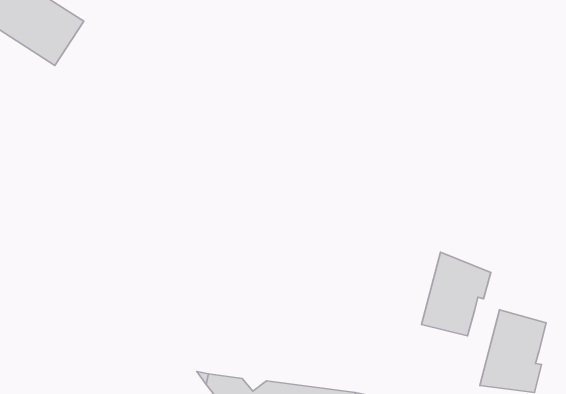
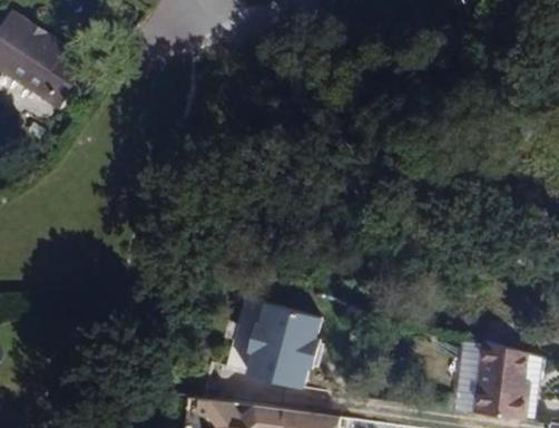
building: [421,252,491,336] -> none
building: none -> [247,305,321,389]

